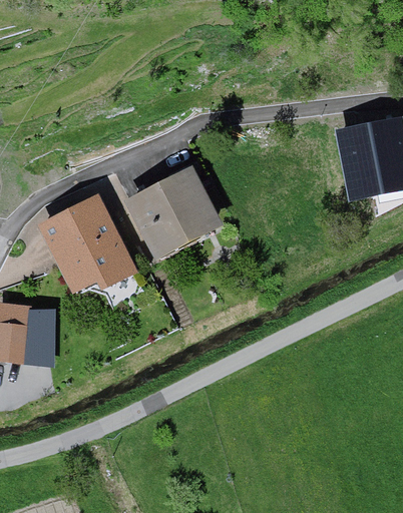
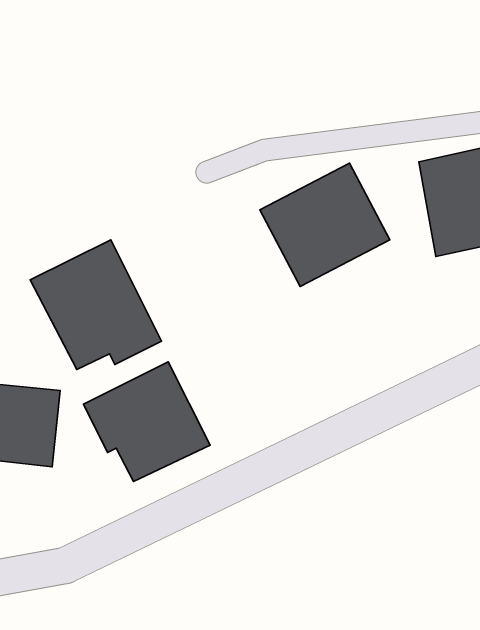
building: [123,164,224,260] -> [260,163,390,286]
building: none -> [83,362,210,481]

